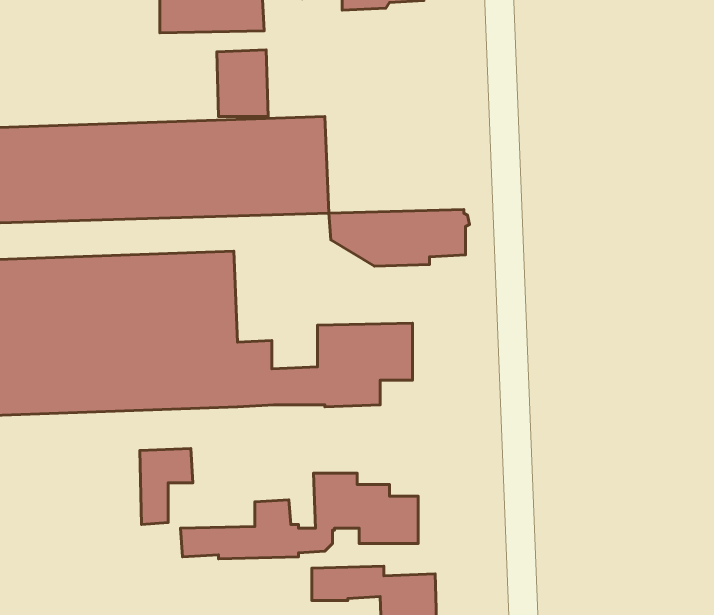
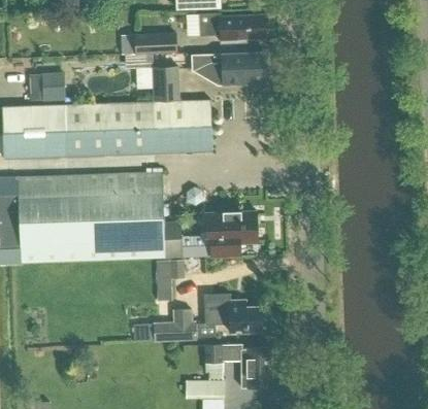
building: none -> [43,72,66,100]
building: [329,209,469,266] -> [191,54,267,84]
building: [140,449,193,524] -> [156,260,185,301]

